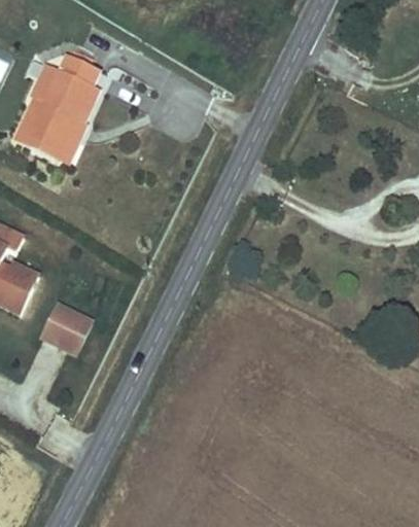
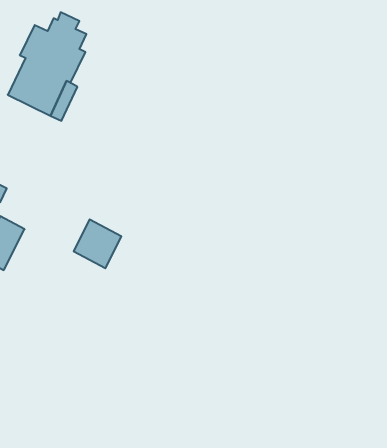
building: [41,303,91,353] -> [74,219,121,268]

